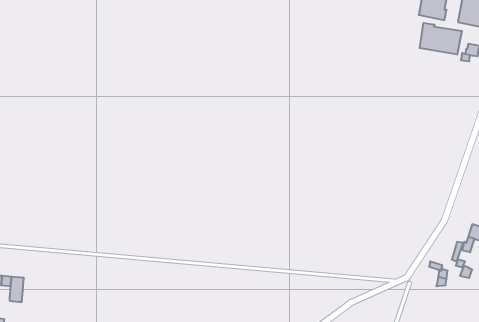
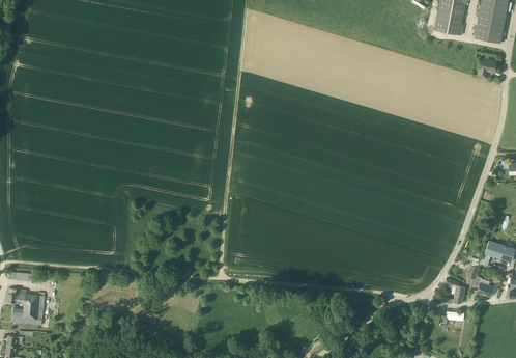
building: [420,23,462,55] -> none

